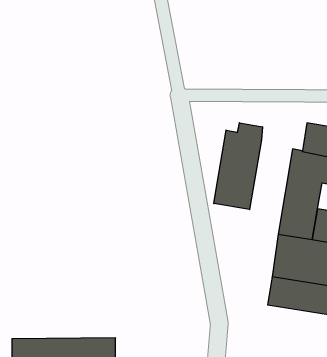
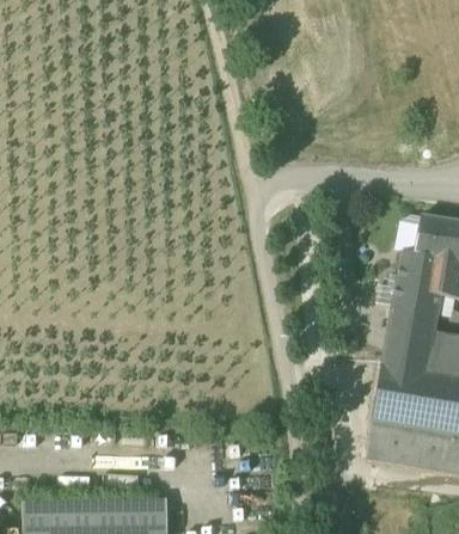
building: [214,123,262,210] -> none

